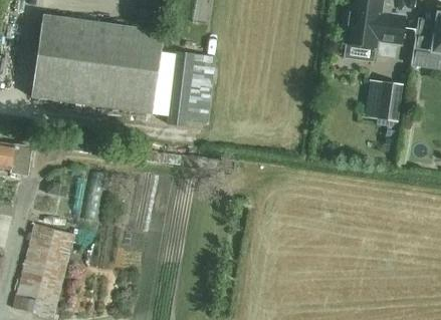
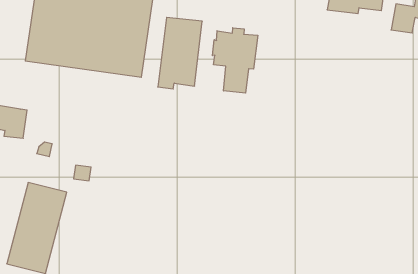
building: none -> [212,28,258,93]
building: [378,82,403,121] -> none

